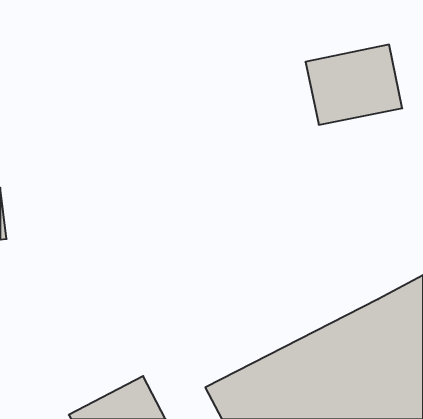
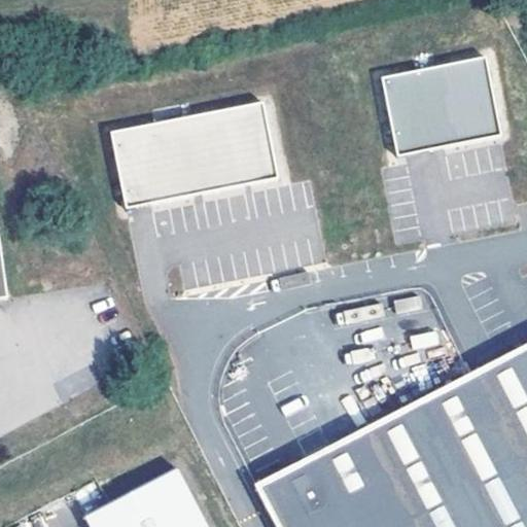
building: none -> [109,102,277,210]

